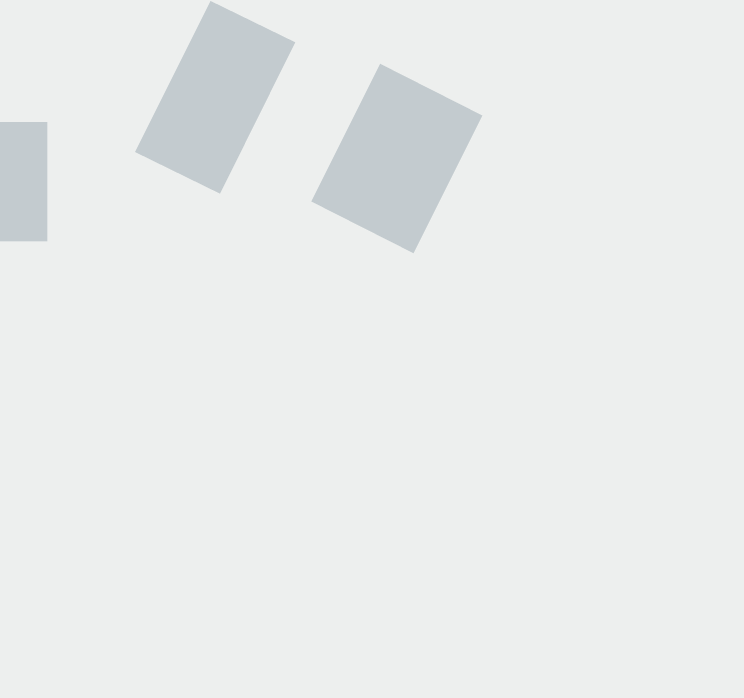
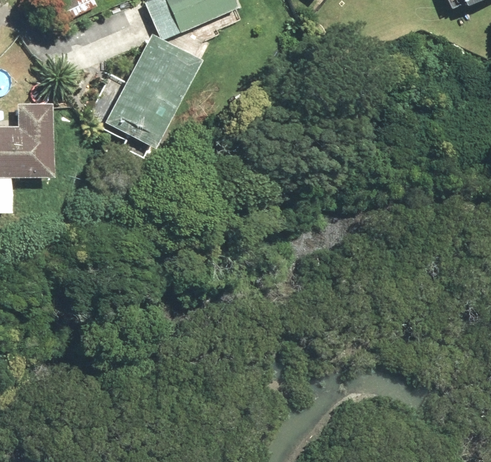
building: [311,63,483,254] -> none

